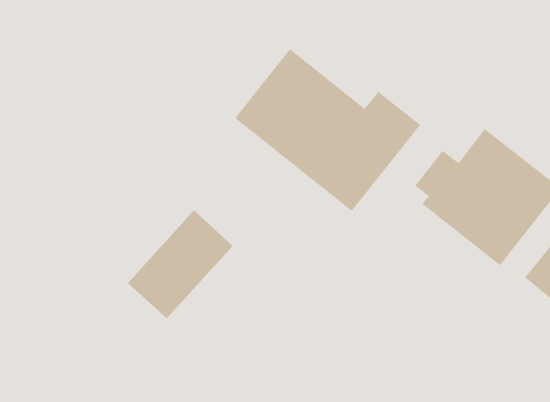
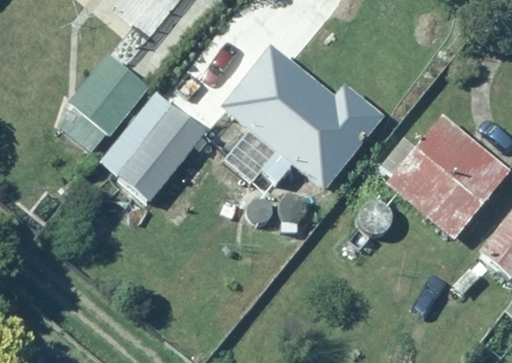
building: none -> [59,53,146,152]
building: [127,210,234,319] -> [115,104,209,201]

